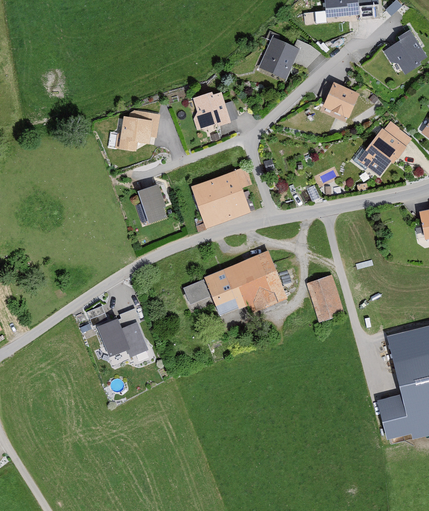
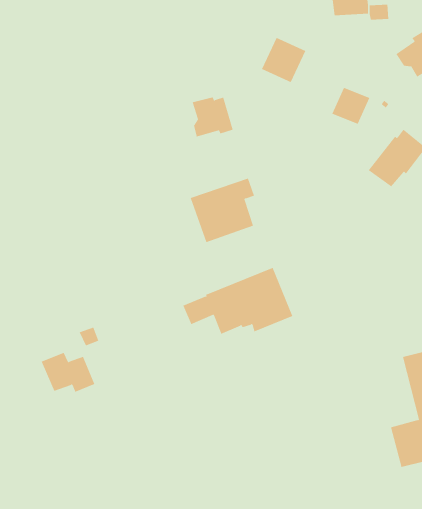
building: [108,110,160,151] -> none
building: [135,184,166,223] -> none
building: [308,275,344,320] -> none
building: [98,319,149,357] -> [41,352,95,393]

